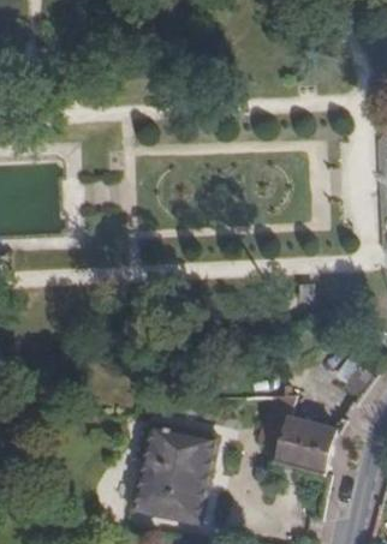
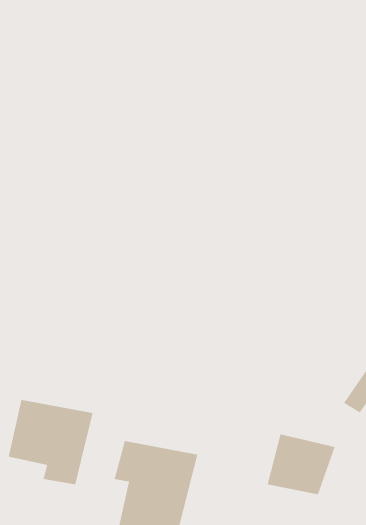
building: none -> [8,399,93,485]

